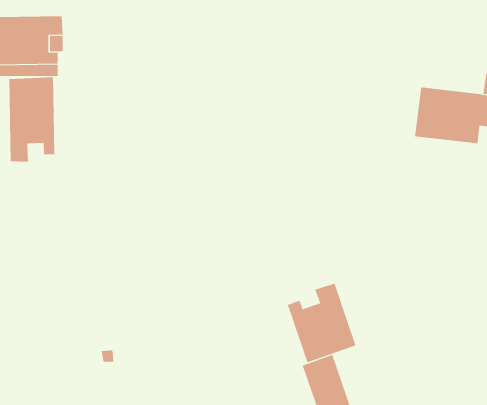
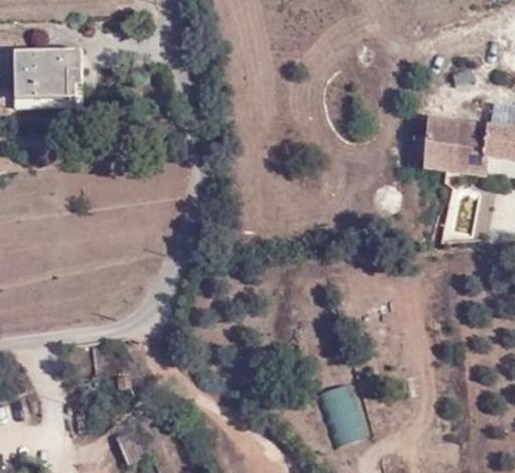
building: [9,77,55,162] -> none
building: [287,283,356,363] -> none

